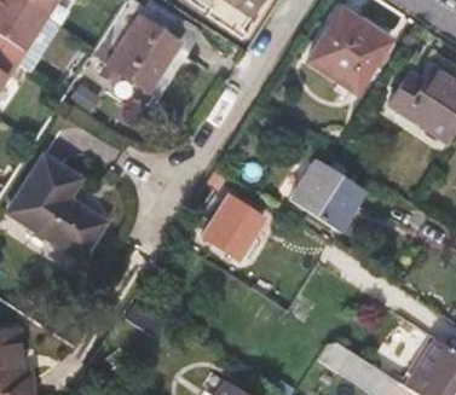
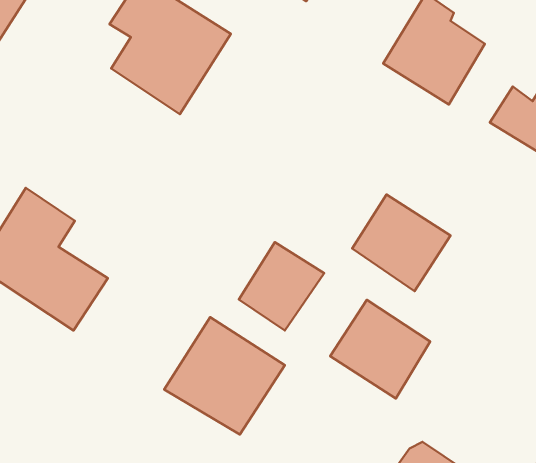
building: none -> [330,300,430,399]
building: none -> [164,317,285,435]

